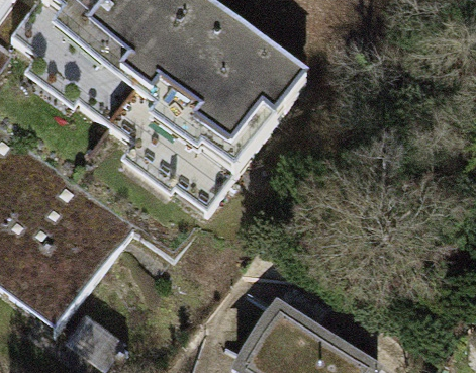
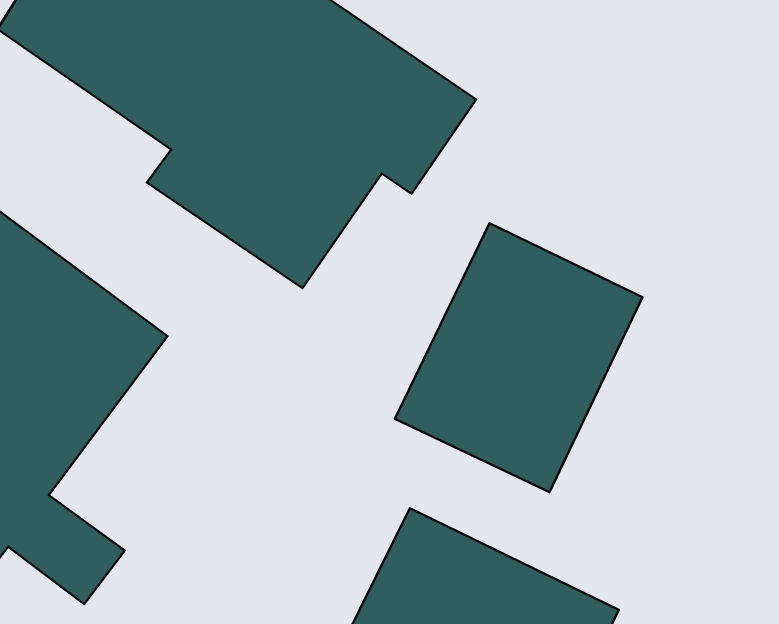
building: none -> [395,223,642,492]

